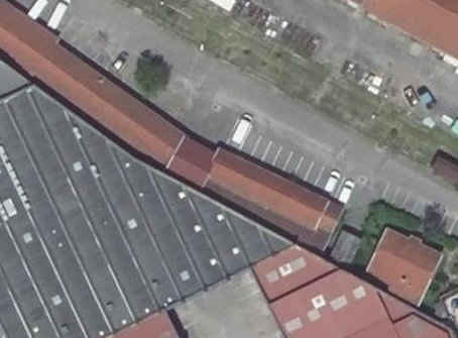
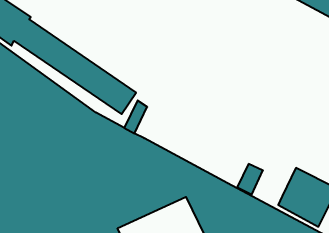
building: [200,148,329,250] -> none

